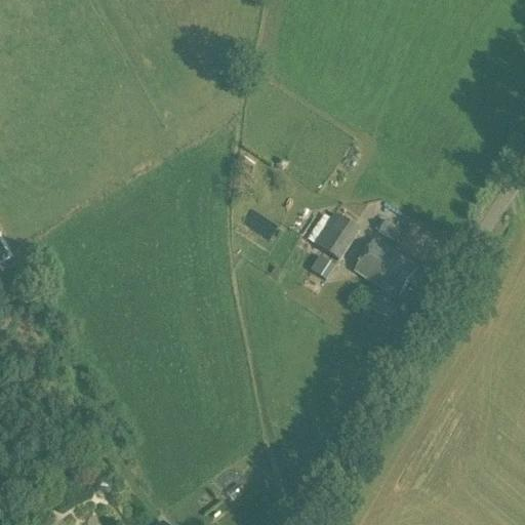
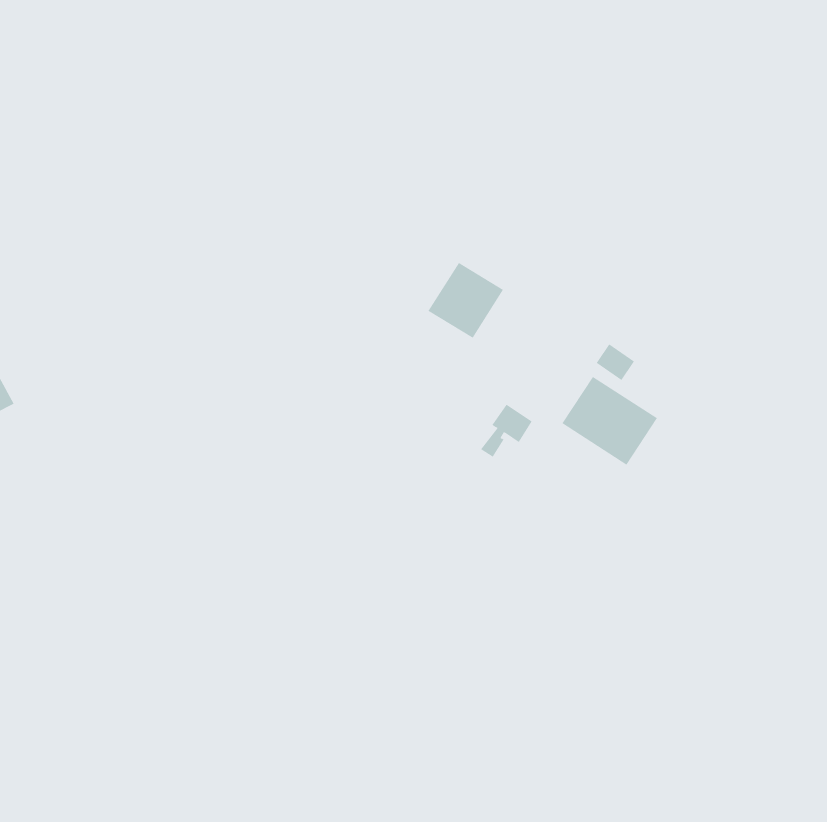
building: [311,210,359,258] -> [427,262,504,339]

